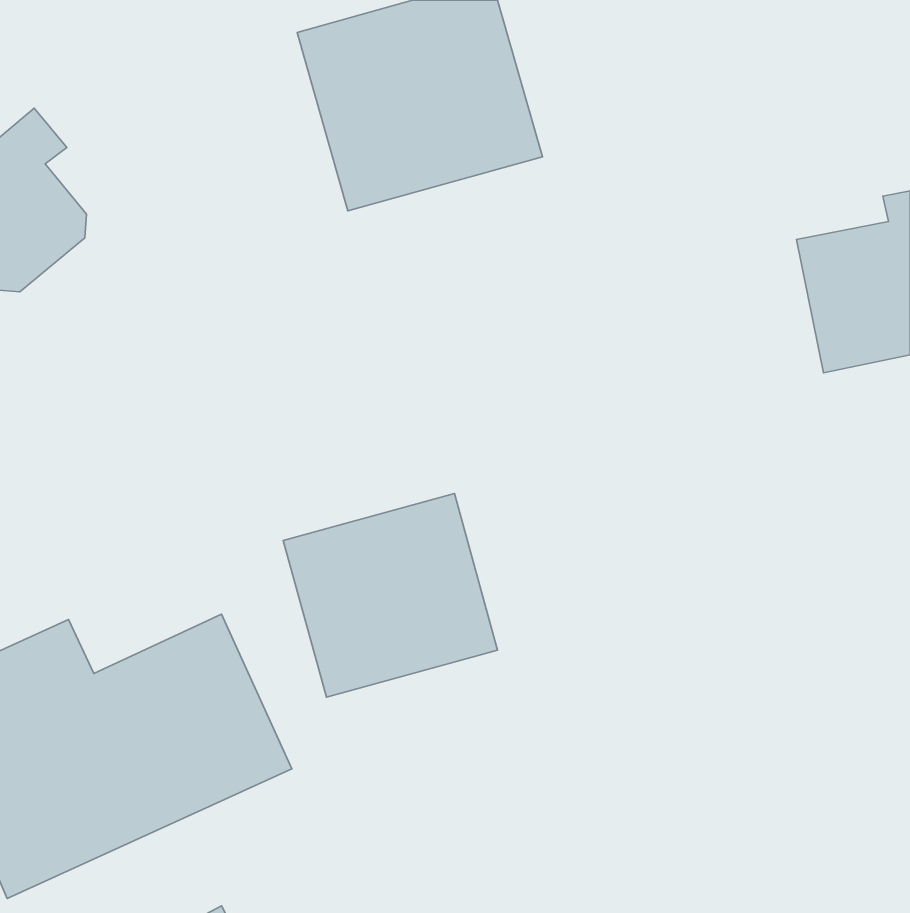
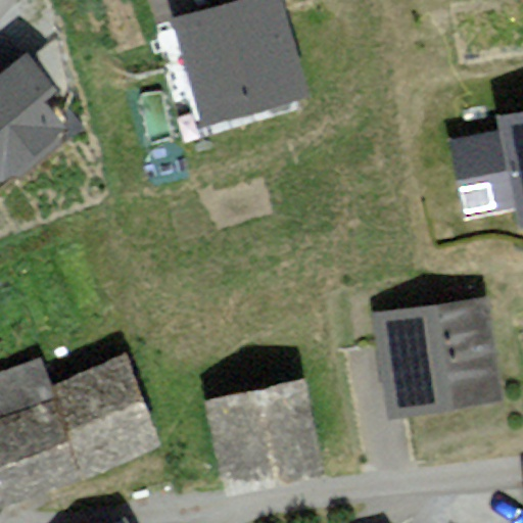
building: [283,494,498,697] -> [209,378,331,493]
building: none -> [373,298,503,417]

